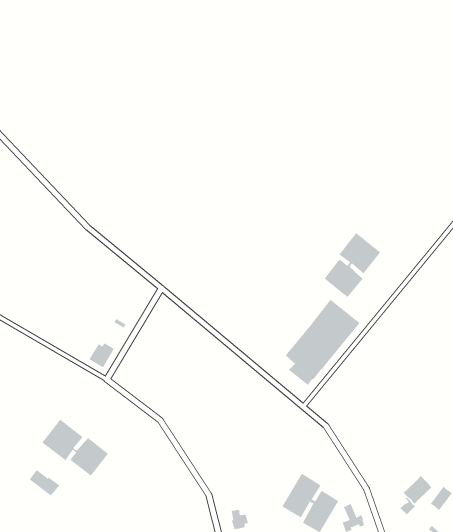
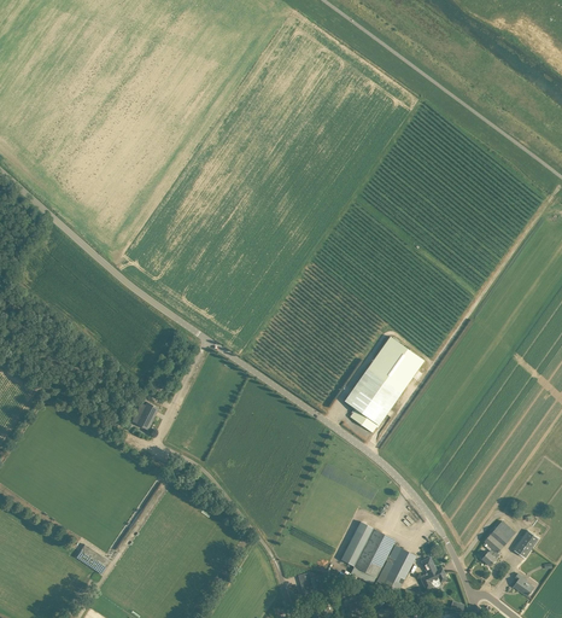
building: [324,232,381,298] -> none
building: [42,418,109,477] -> none

